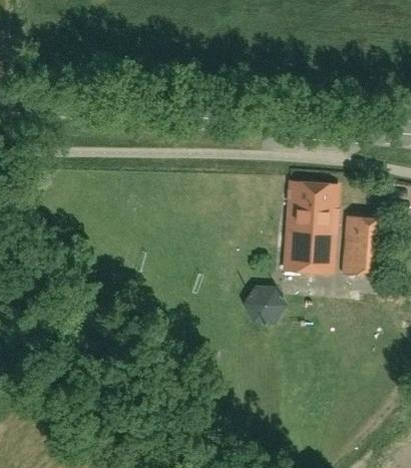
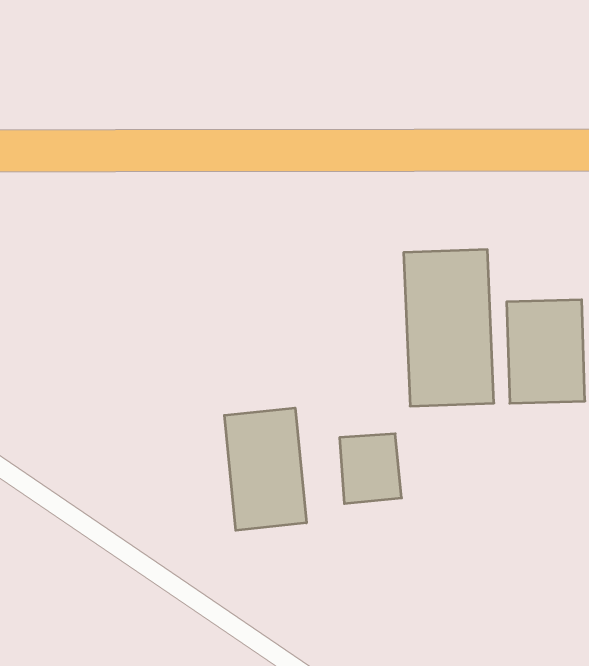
building: none -> [224,408,306,530]

